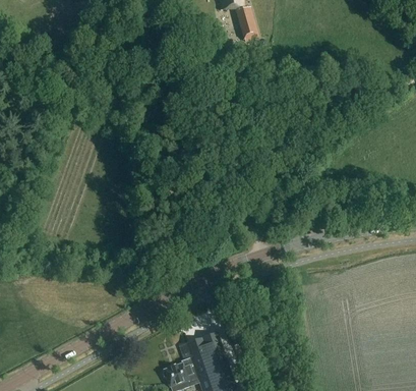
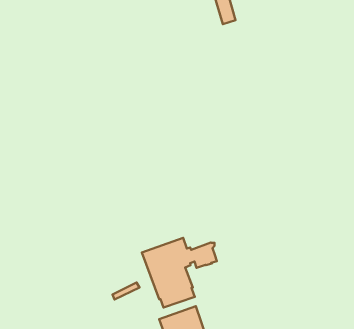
building: none -> [142,238,217,308]

